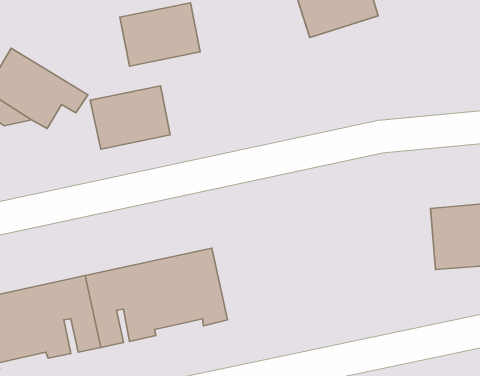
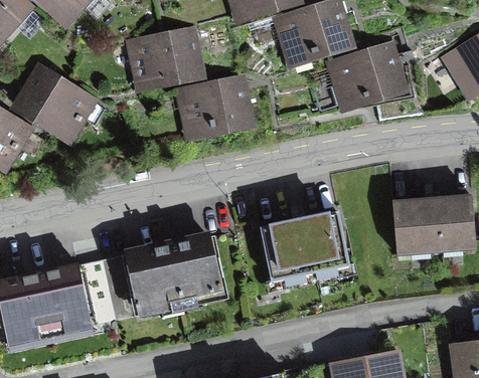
building: none -> [332,46,403,104]
building: [90,86,170,149] -> [181,79,249,133]
building: none -> [261,211,350,281]

